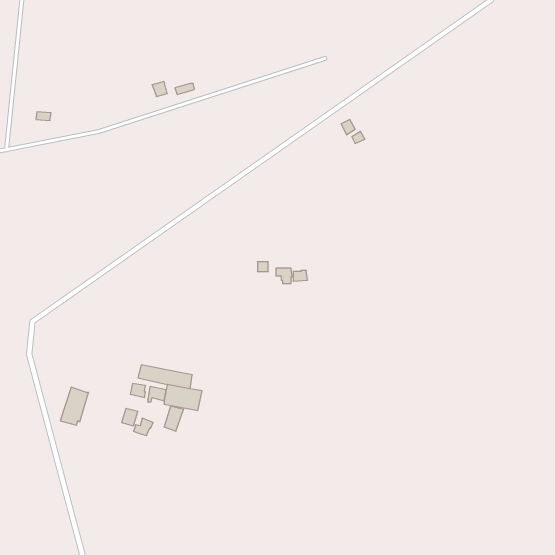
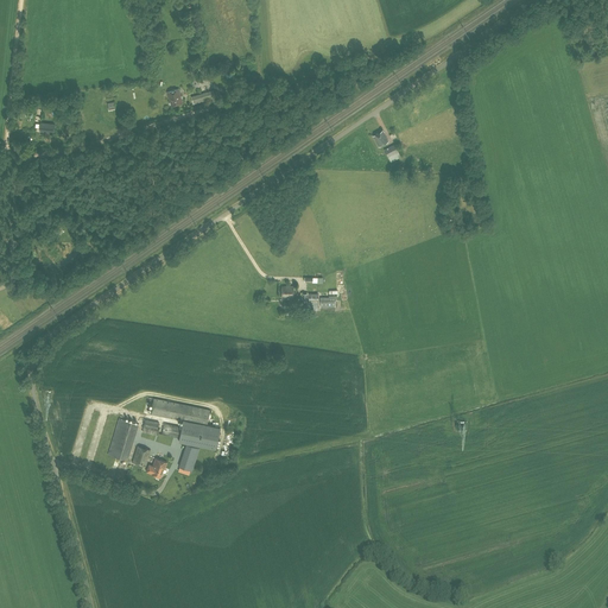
building: [60,387,89,425] -> [108,418,139,460]

